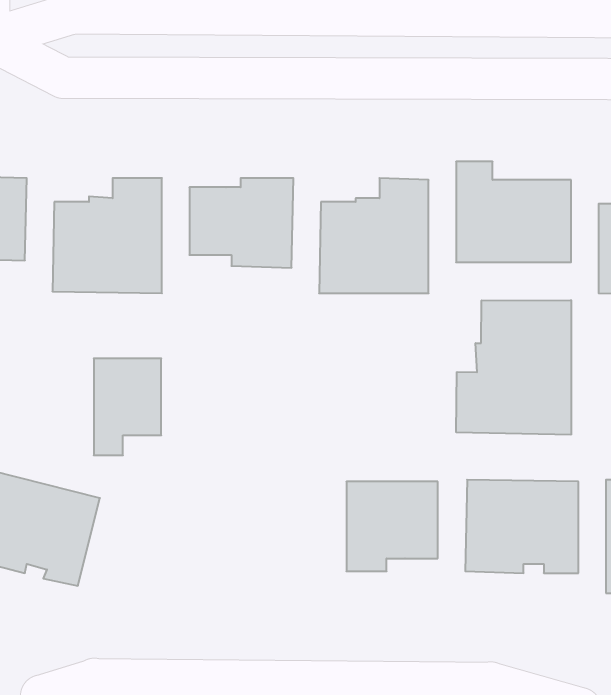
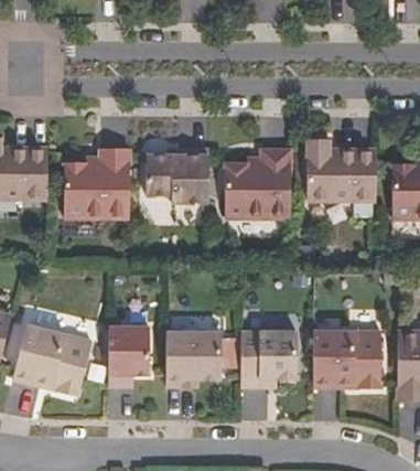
building: [456,300,571,435] -> none
building: [94,358,161,455] -> [108,327,149,385]
building: none -> [165,330,222,385]

